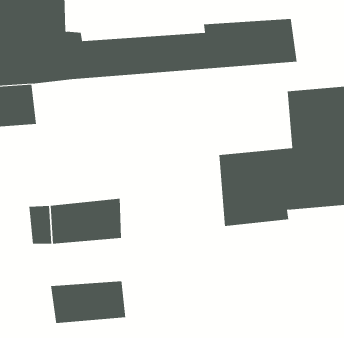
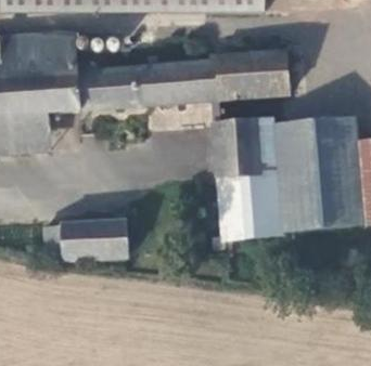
building: none -> [214,119,285,178]
building: [50,281,126,324] -> none

